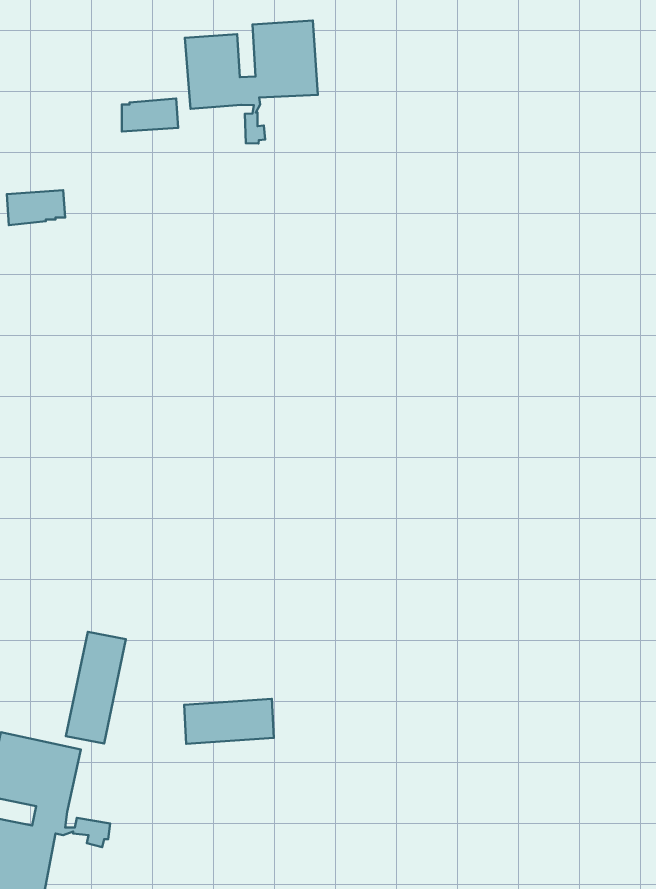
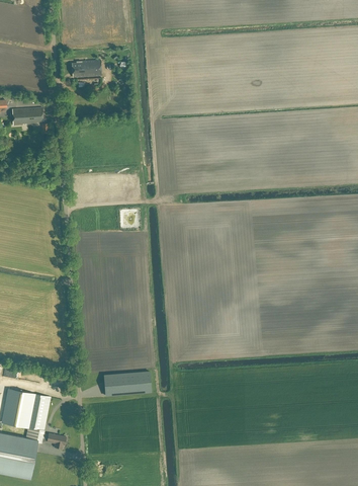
building: [185,20,318,144] -> none
building: [66,632,126,743] -> none

